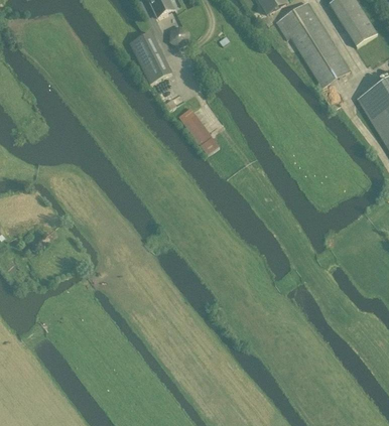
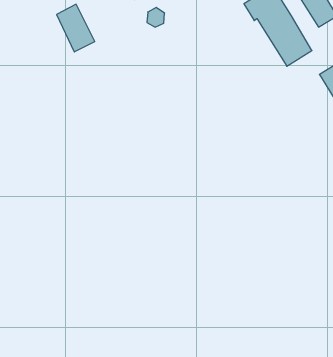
building: [129,30,170,82] -> [57,4,95,52]
building: [177,106,219,153] -> none

